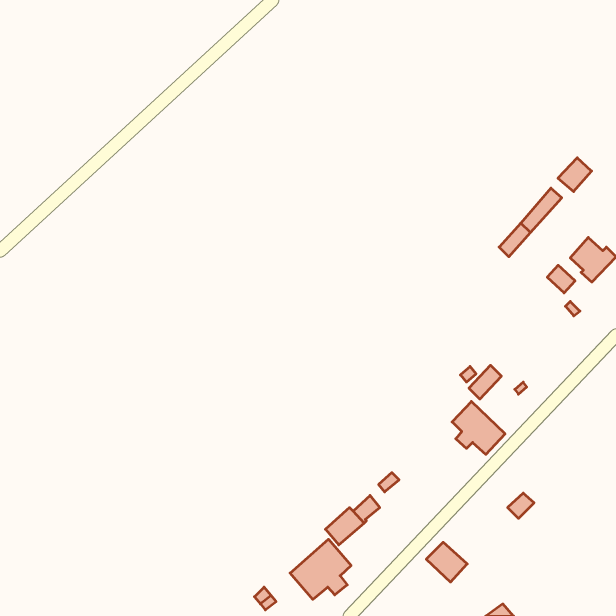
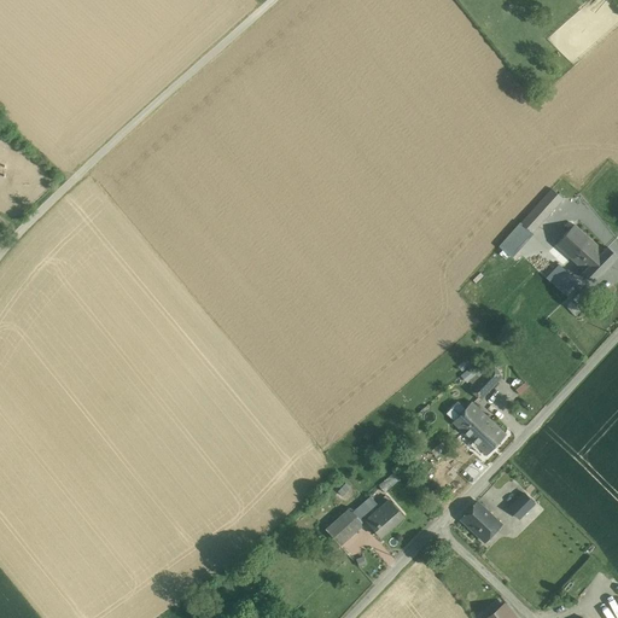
building: [558,158,592,192] -> [555,225,589,258]
building: none -> [366,500,404,537]
building: [290,539,351,599] -> none
building: [426,542,467,582] -> [460,502,501,542]

